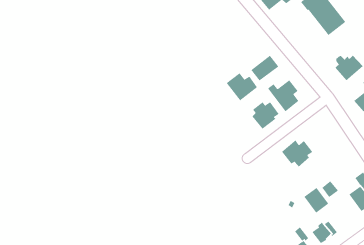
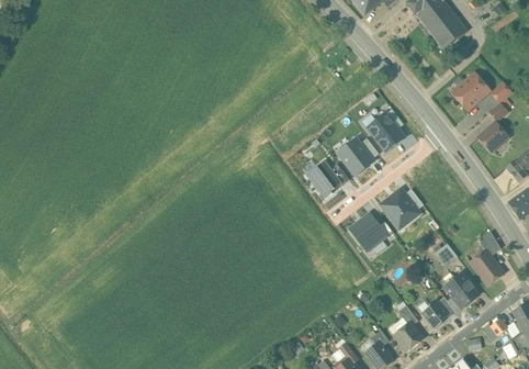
building: [251,55,279,82] -> none
building: [226,72,258,101] -> [306,160,349,199]
building: none -> [350,213,394,251]
building: [304,187,329,213] -> [444,273,479,309]

